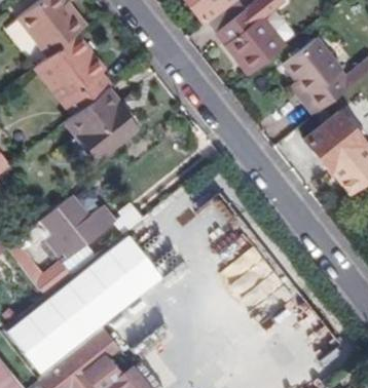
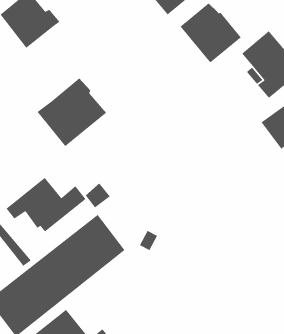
building: [37,31,113,113] -> none

